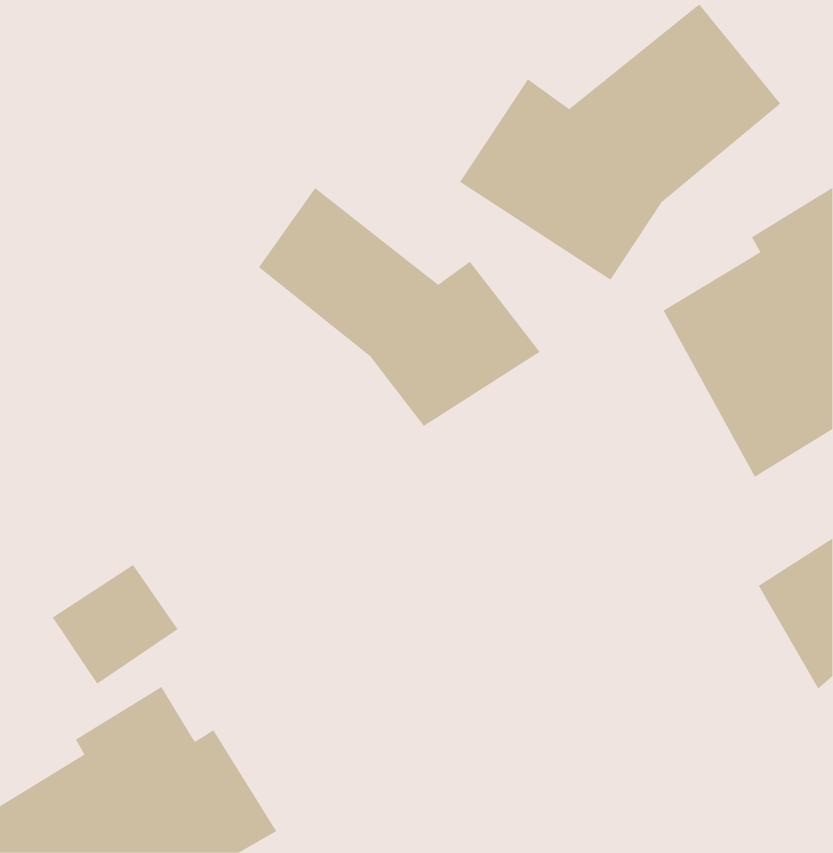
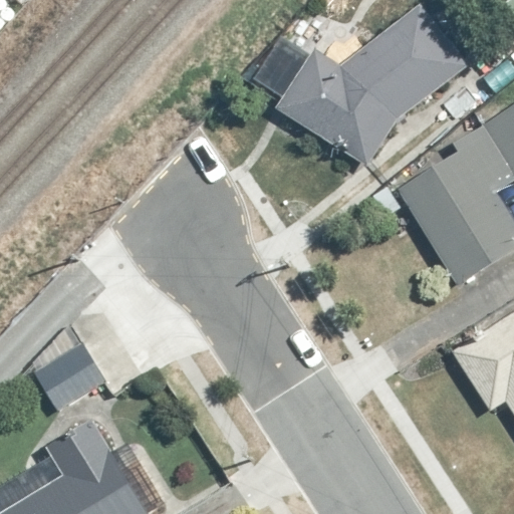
building: [258,187,540,427] -> none

